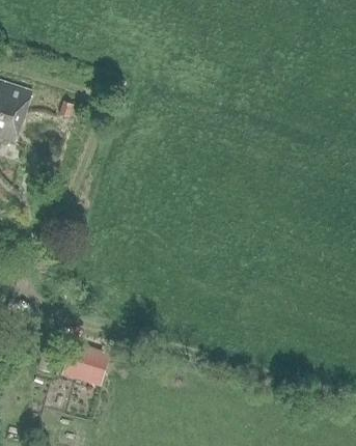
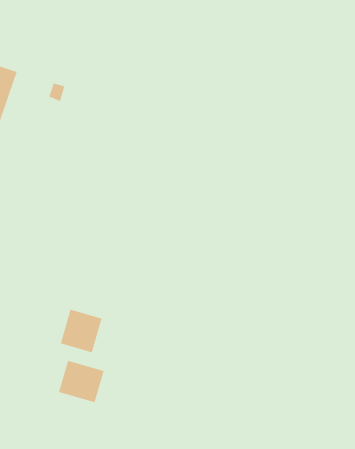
building: none -> [60,309,102,353]

